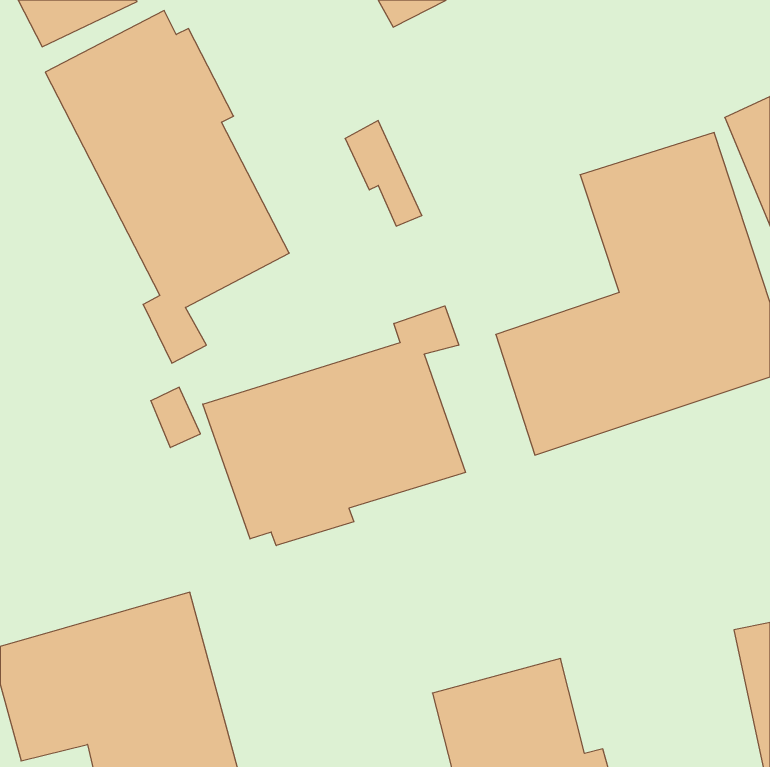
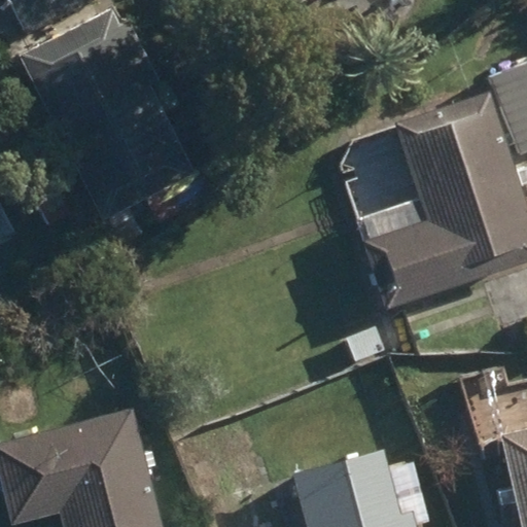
building: [203,306,465,546] -> none

